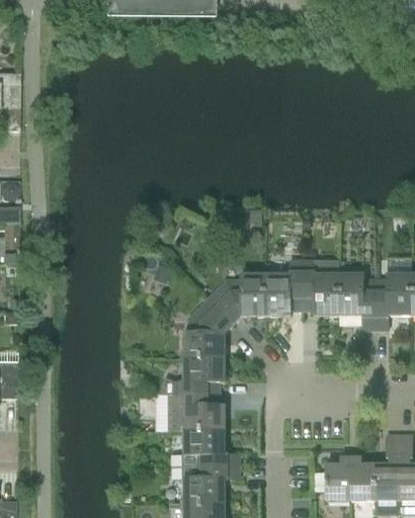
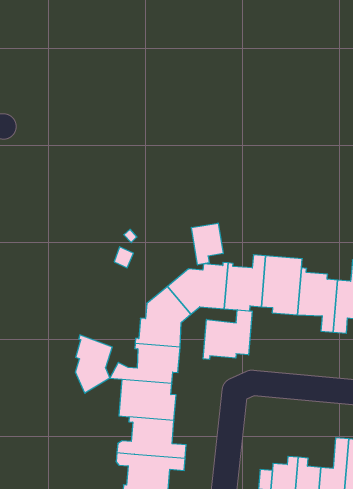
building: none -> [191,223,223,265]
building: none -> [203,310,252,359]
building: none -> [76,335,112,393]

